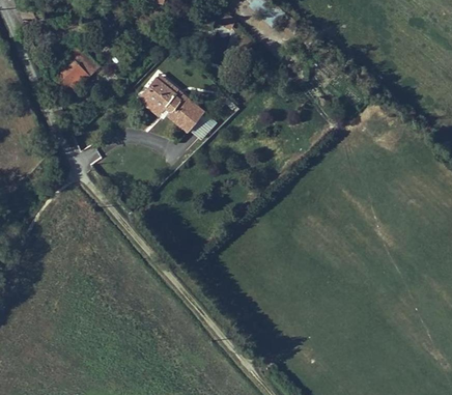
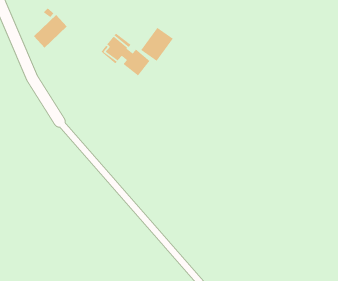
building: none -> [140,27,174,62]

